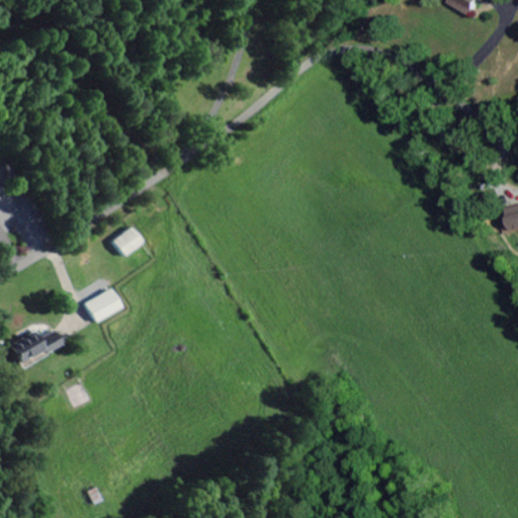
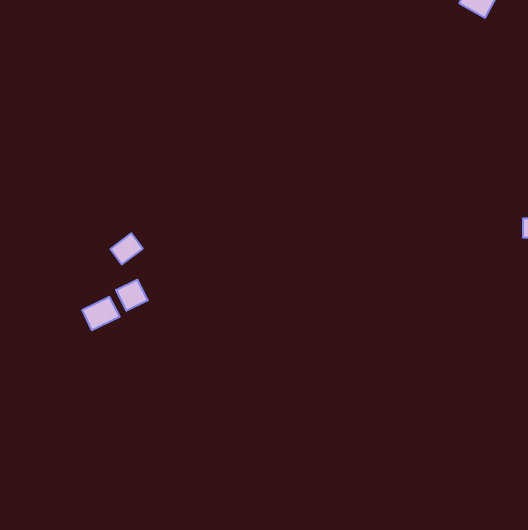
building: none -> [116,280,148,311]
building: [10,325,60,365] -> none

